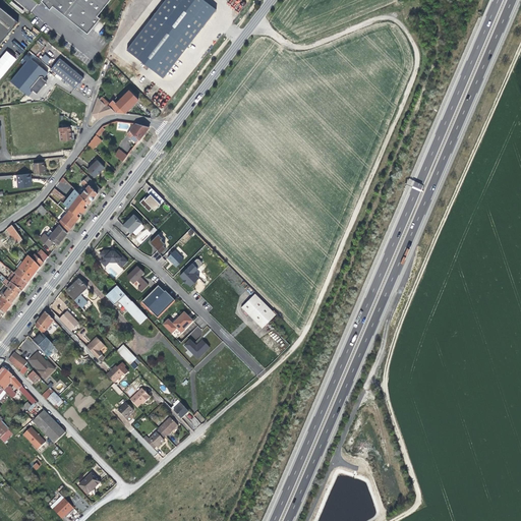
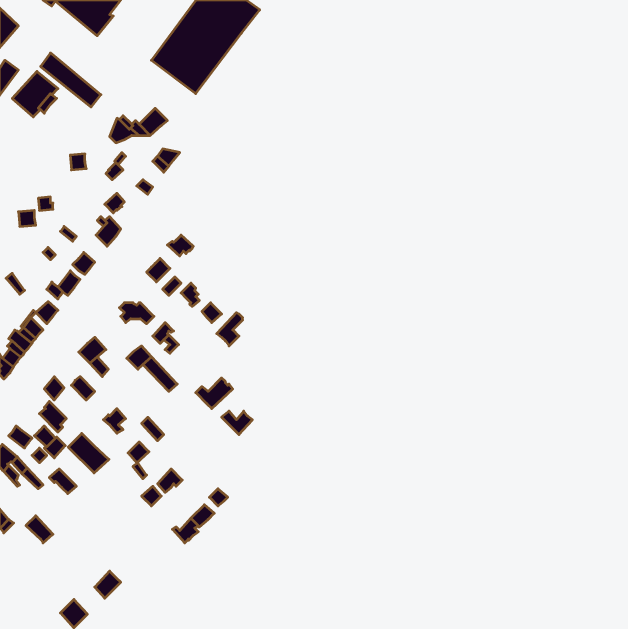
building: [62,188,89,217] -> none
building: [141,286,174,319] -> none
building: [240,293,275,328] -> none
building: [32,410,65,443] -> [68,433,109,473]

